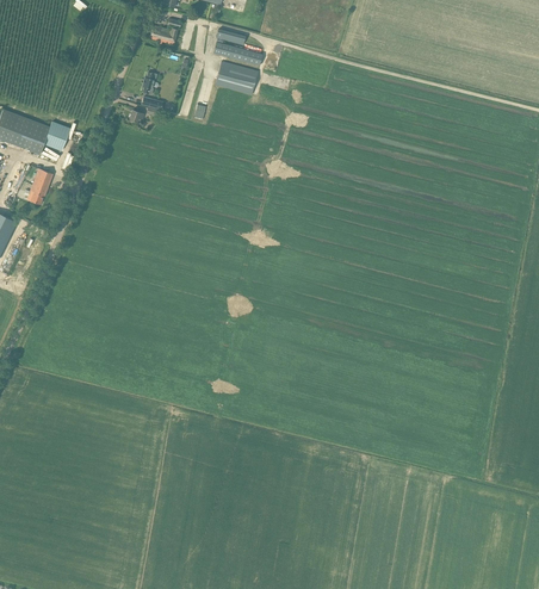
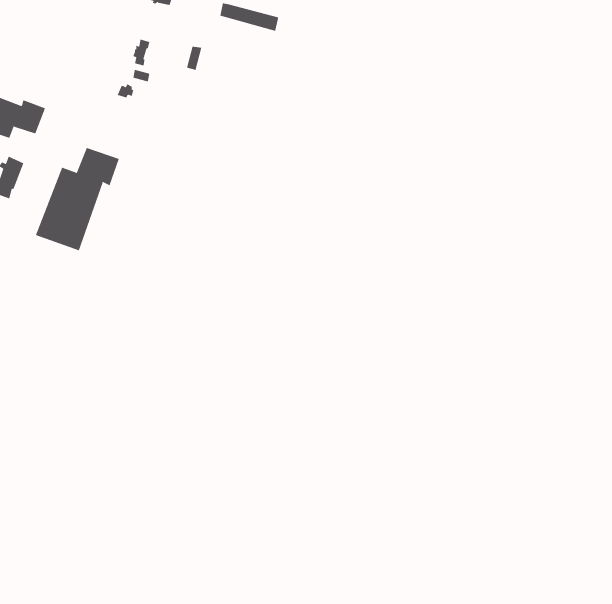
building: [215,62,258,95] -> none
building: none -> [35,147,120,251]

